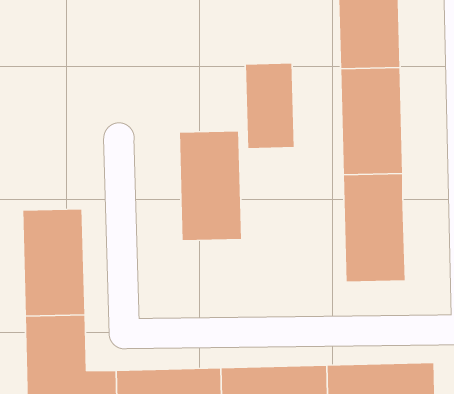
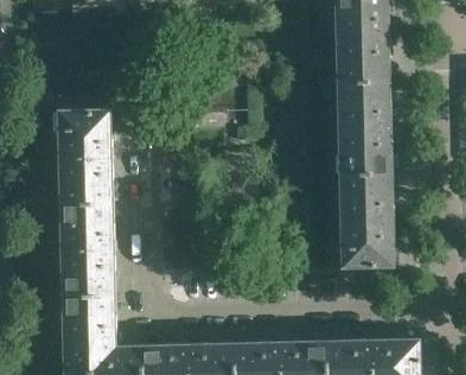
building: [245,63,294,149] -> none
building: [179,131,242,241] -> [57,109,111,205]

